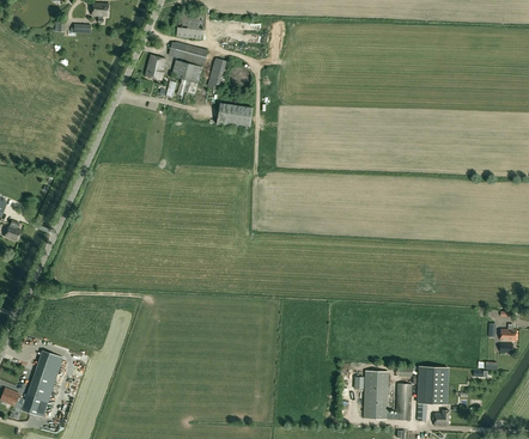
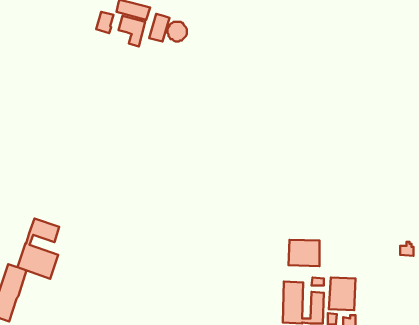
building: [217,103,251,127] -> none
building: none -> [18,218,59,279]
building: none -> [288,240,319,266]

